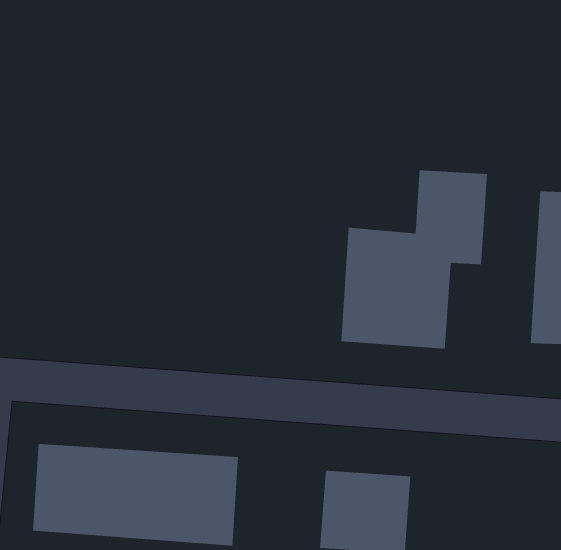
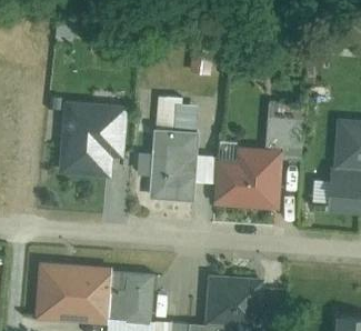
building: none -> [149,98,199,205]
building: none -> [60,109,127,174]

